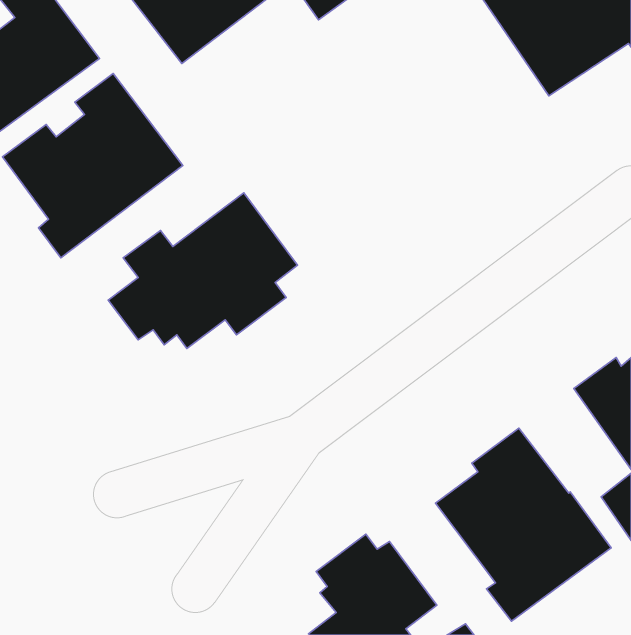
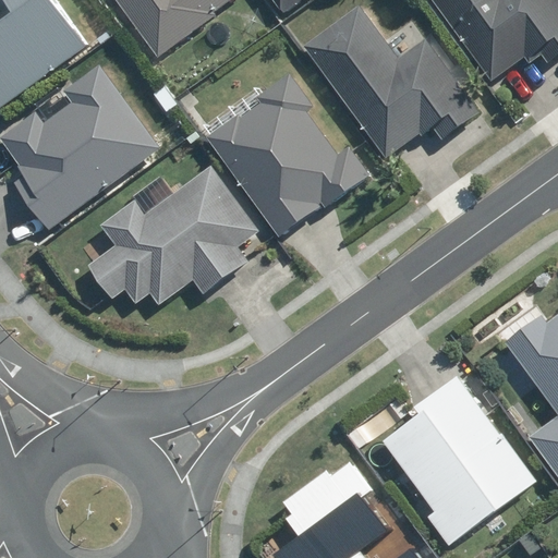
building: none -> [303,8,476,162]
building: none -> [208,74,369,238]

